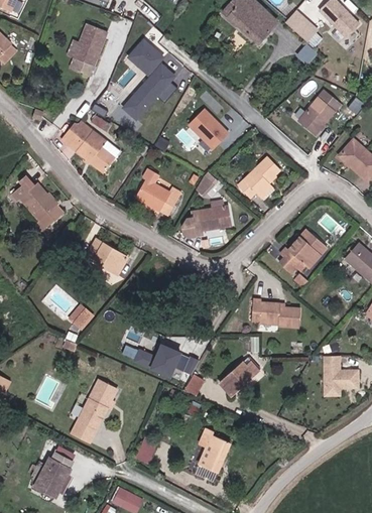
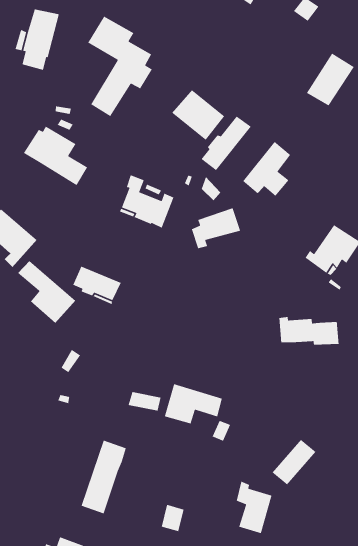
building: none -> [201,116,252,171]
building: none -> [17,260,76,324]
building: [219,359,257,395] -> [272,439,316,486]

